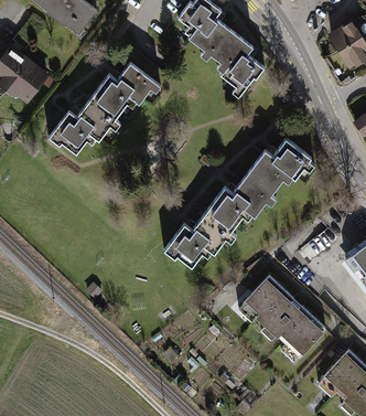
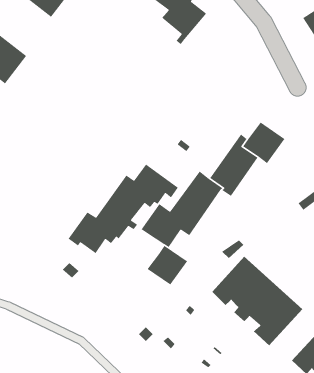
building: [209,30,261,97] -> none
building: [49,61,161,152] -> [67,163,179,254]
building: none -> [147,245,188,285]

